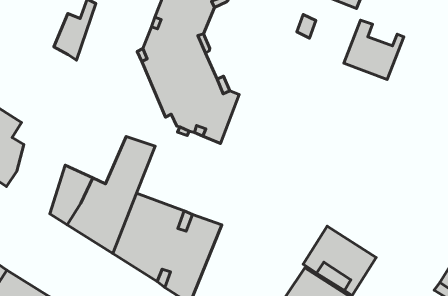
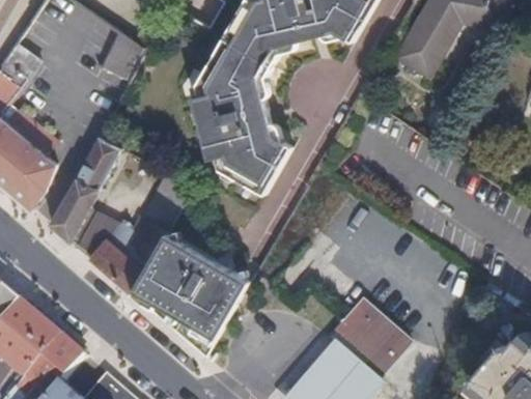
building: [344,20,404,80] -> none
building: none -> [51,142,118,246]

